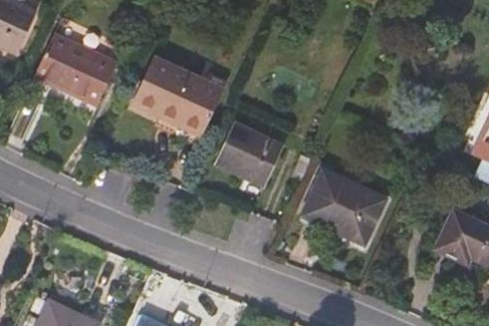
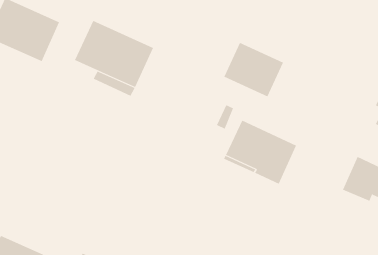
building: [215,121,283,184] -> [223,42,284,97]

